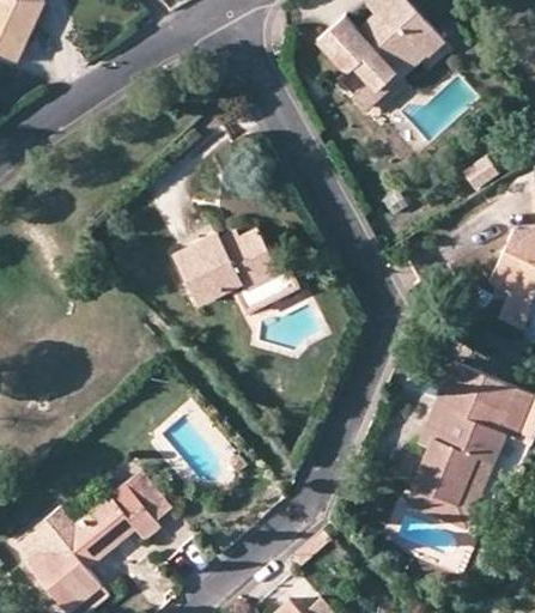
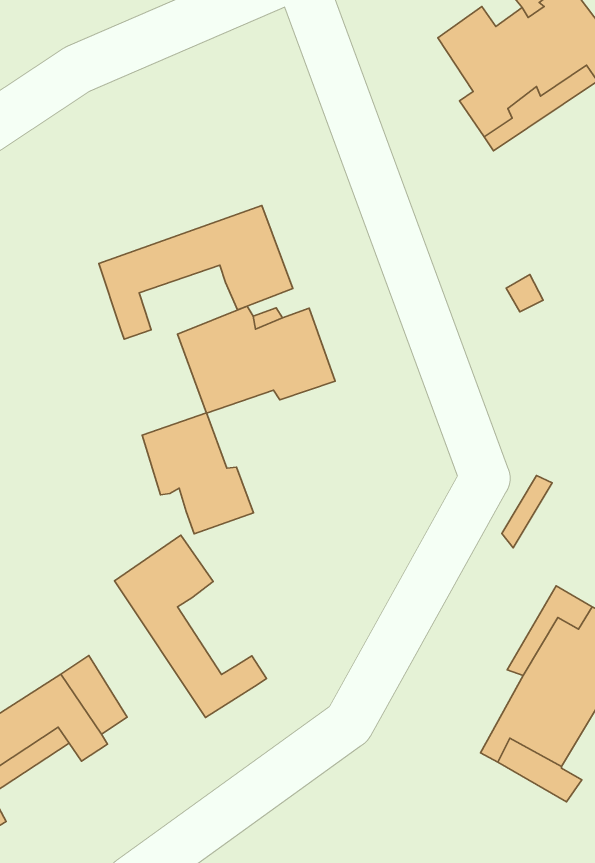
building: none -> [99,206,293,339]
building: none -> [142,413,253,534]
building: none -> [115,535,266,717]

